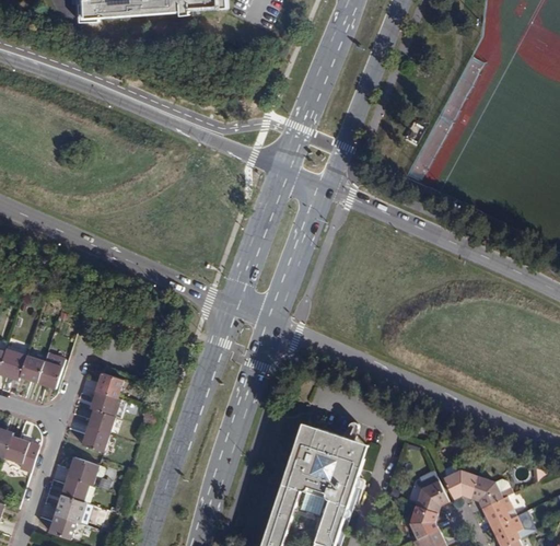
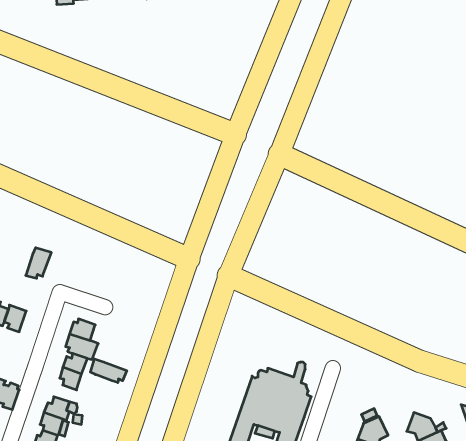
building: [38,356,67,390] -> [26,248,51,278]
building: none -> [90,359,127,383]
building: [442,469,476,499] -> none

